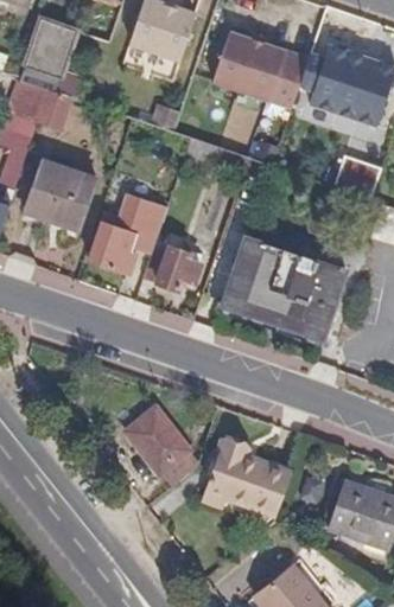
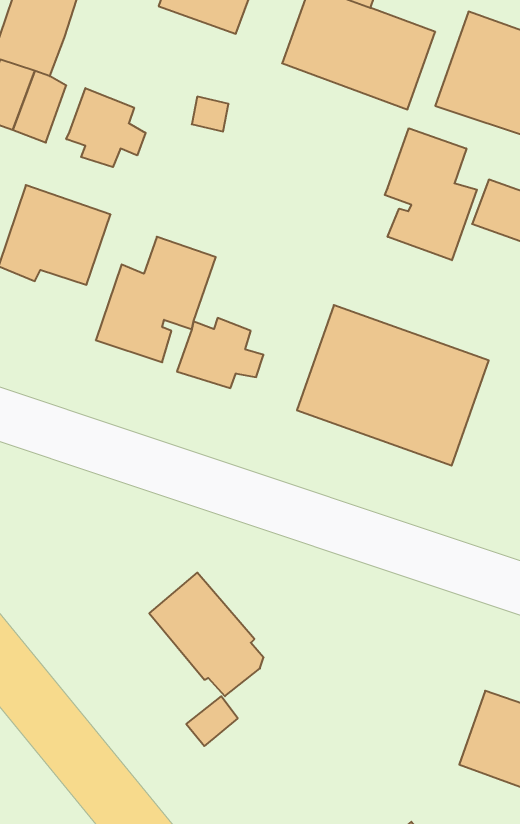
building: none -> [66,88,146,167]
building: none -> [385,128,477,260]
building: [202,446,288,516] -> none

